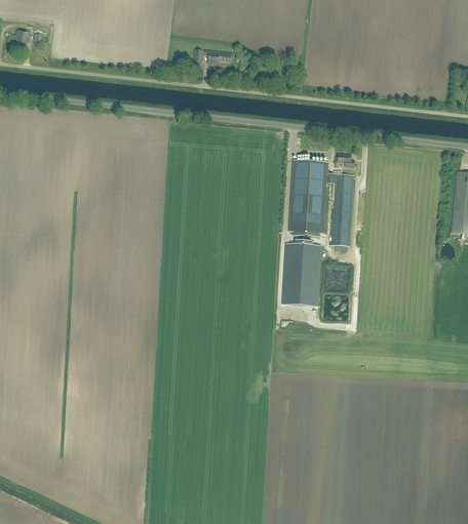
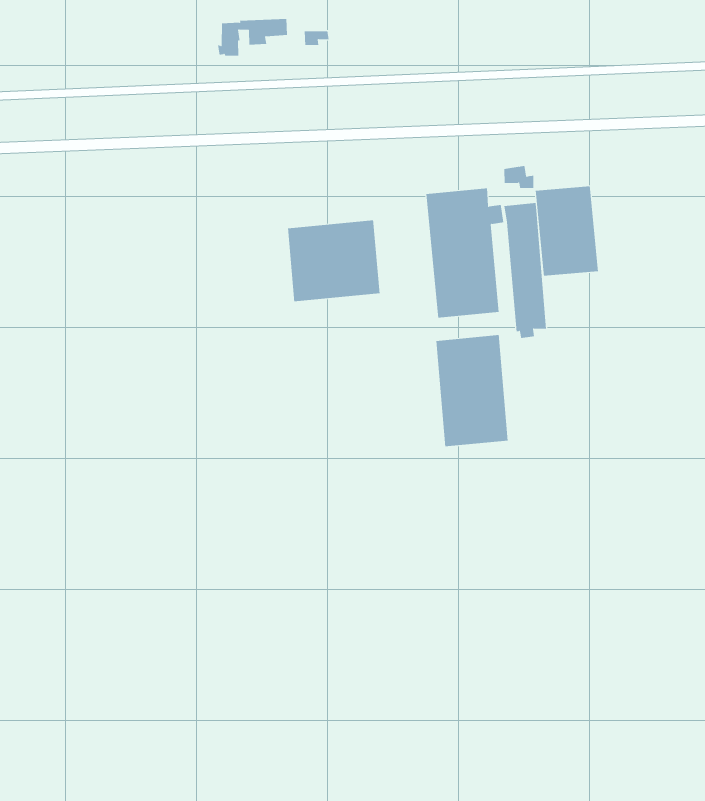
building: none -> [287,220,380,302]
building: none -> [535,186,598,276]

